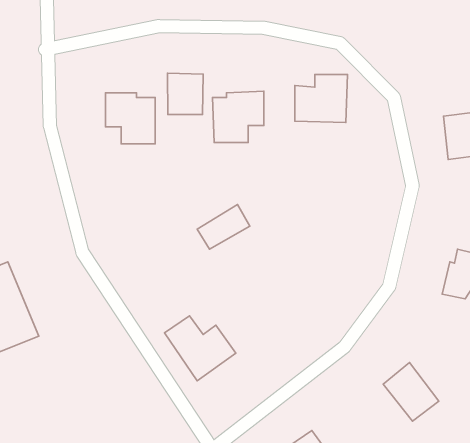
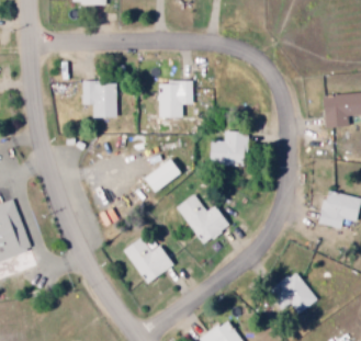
building: [168,73,203,115] -> none
building: [295,75,348,123] -> [210,133,247,167]
building: none -> [177,196,230,246]

